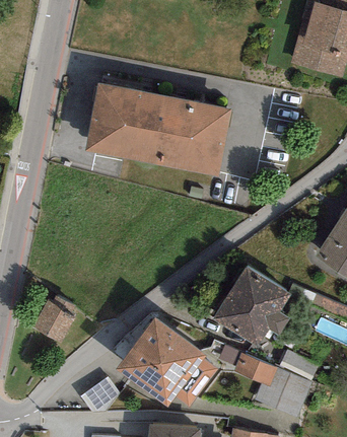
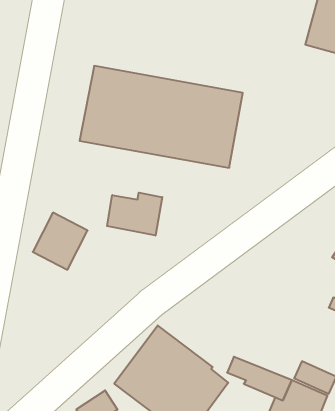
building: none -> [107,193,162,236]
building: [213,267,290,345] -> none
building: [29,292,79,344] -> [33,213,88,270]

